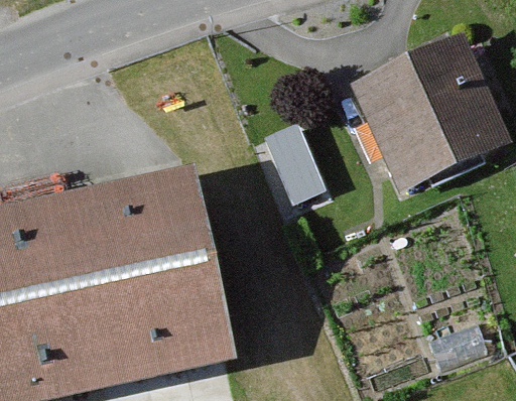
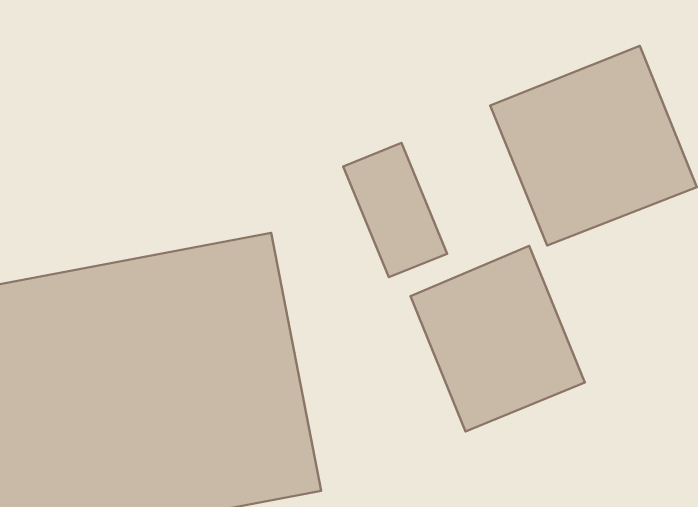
building: none -> [411,246,585,432]

